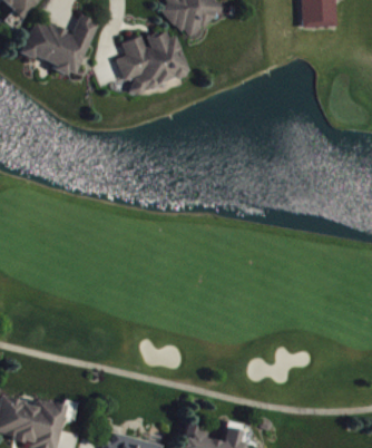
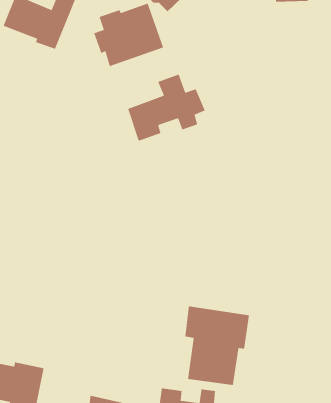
building: none -> [127,73,206,142]
building: none -> [185,306,250,386]

